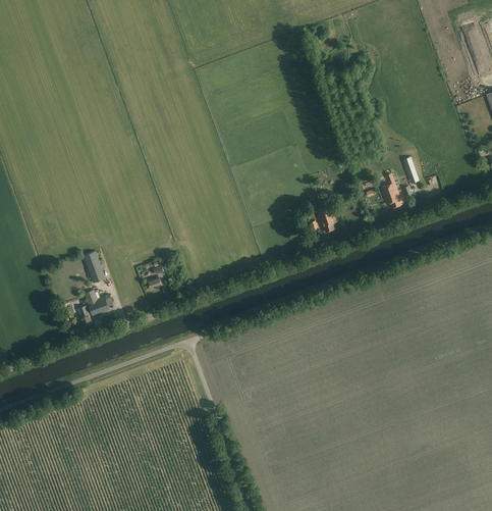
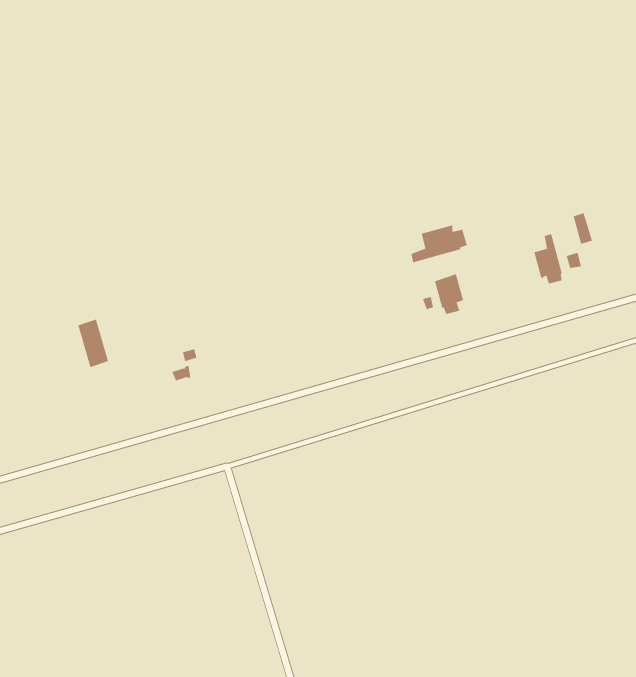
building: none -> [411,225,467,263]
building: [77,290,113,324] -> none

